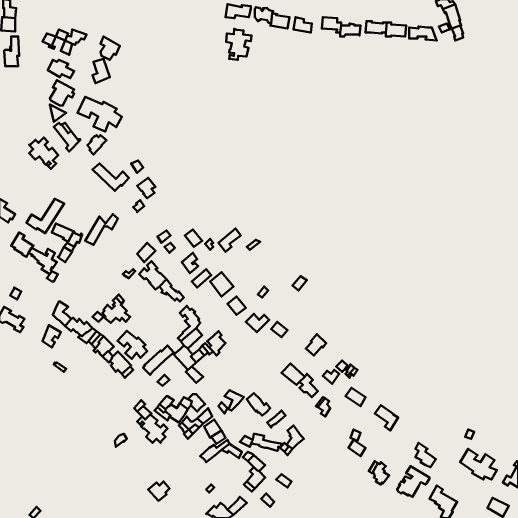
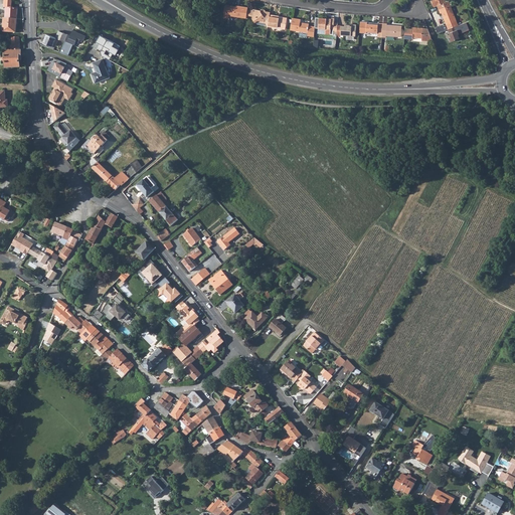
building: [226,29,252,60] -> none
building: [77,97,122,132] -> none
building: [29,138,58,169] -> none
building: none -> [148,191,177,225]
building: [27,199,64,233] -> none
building: [118,331,147,359] -> none

